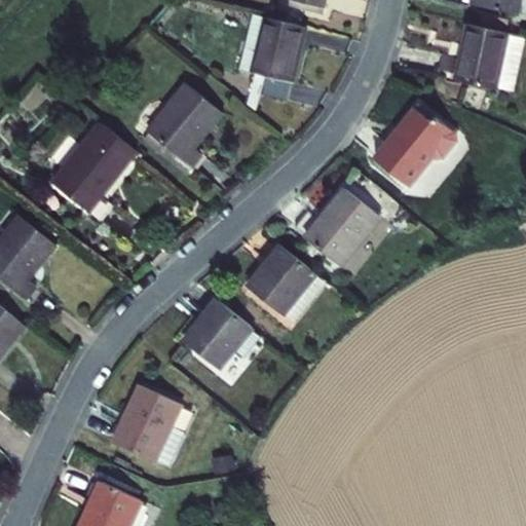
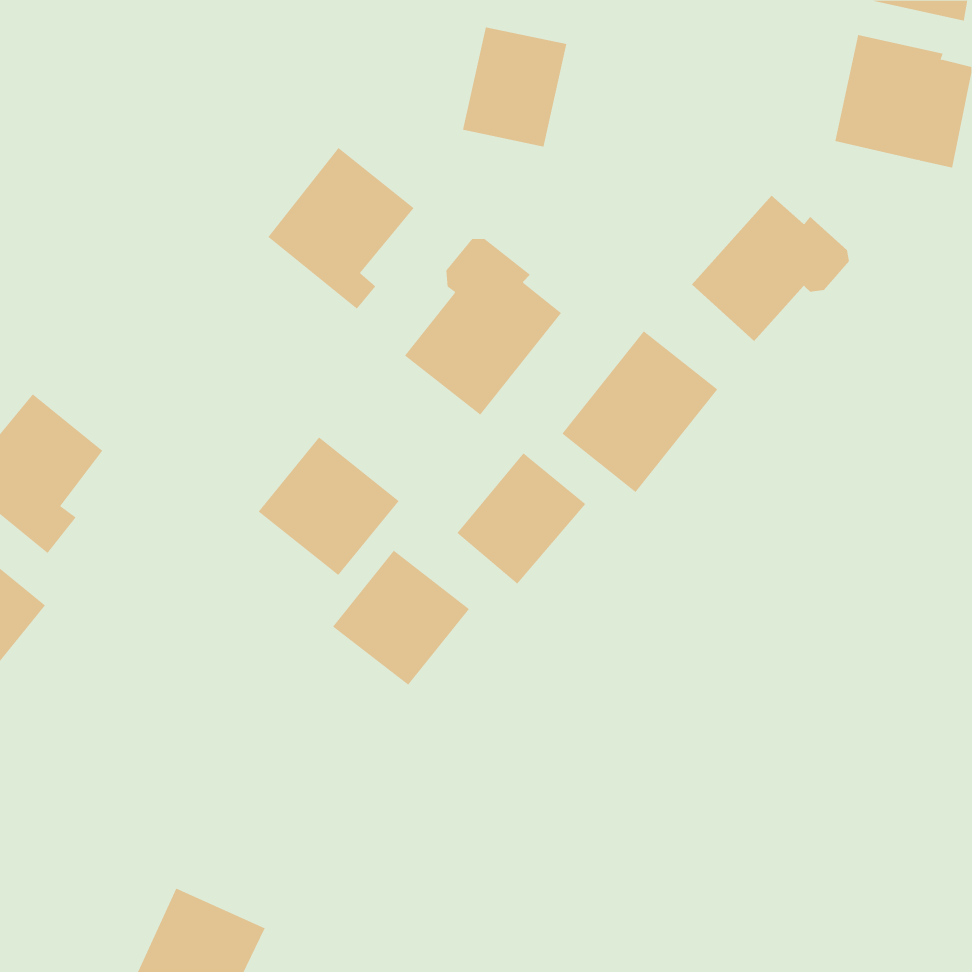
building: [51,121,136,211] -> none
building: none -> [404,238,562,415]
building: none -> [258,437,399,576]
building: [110,383,183,468] -> none

